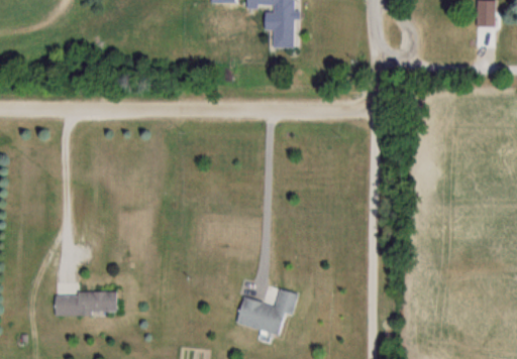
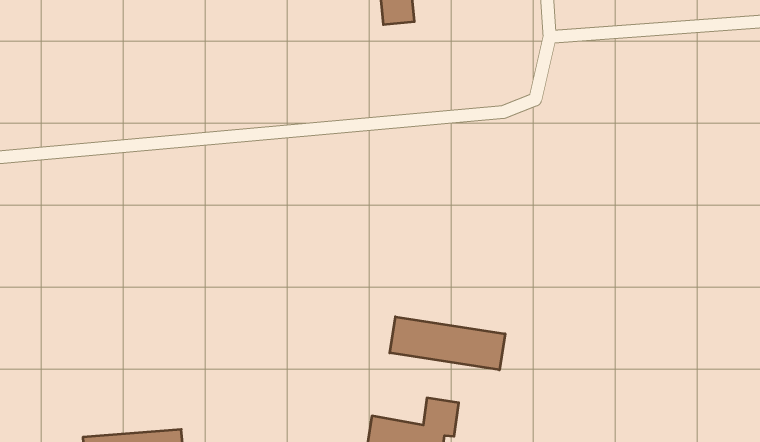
building: none -> [390,317,505,370]

